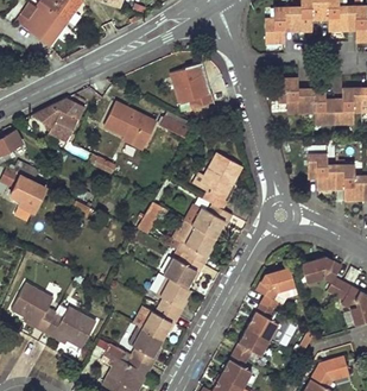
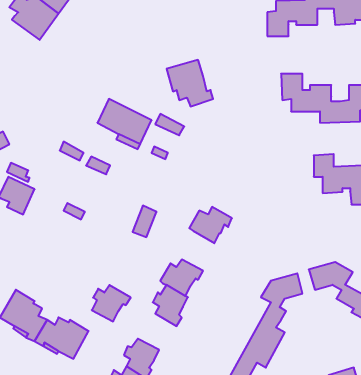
building: [32,95,86,140] -> none
building: [200,151,241,209] -> none
building: [181,226,214,264] -> none
building: [141,304,178,339] -> [92,285,131,321]

